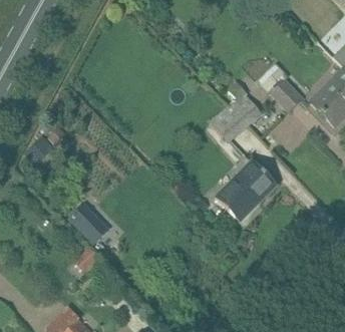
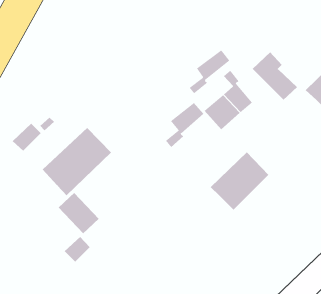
building: none -> [189,50,230,94]
building: none -> [165,102,204,148]
building: none -> [42,127,112,196]

